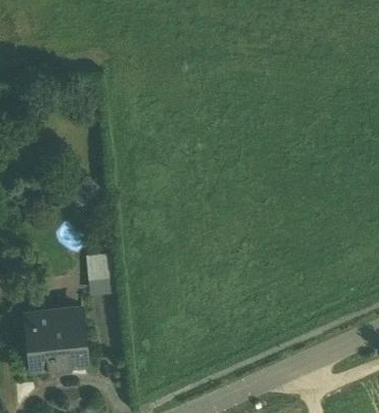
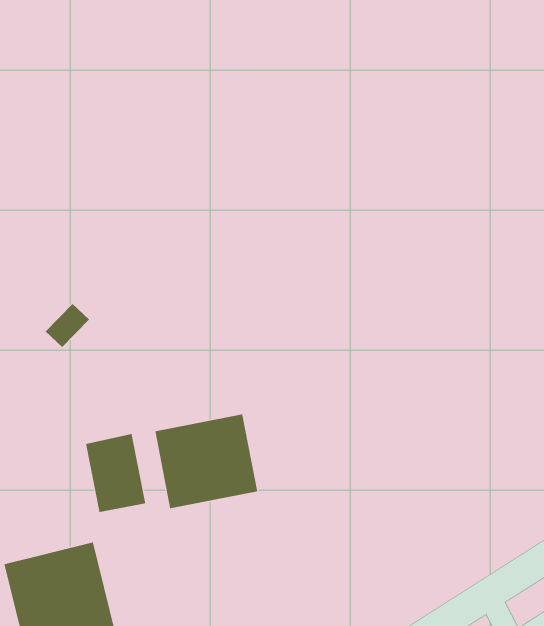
building: none -> [154,414,258,509]

